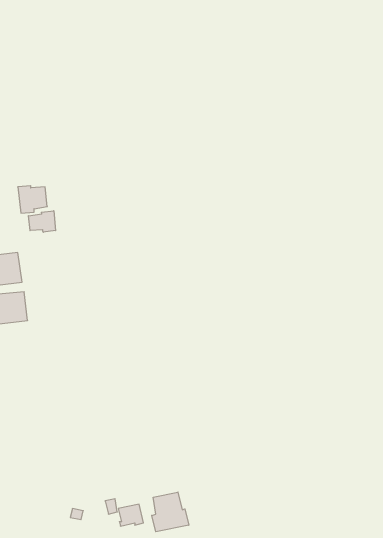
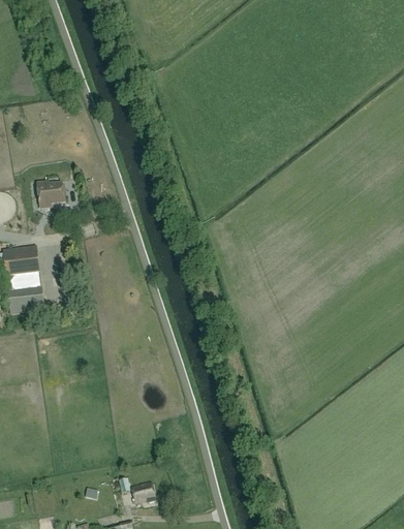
building: [28,211,56,232] -> none
building: [152,492,189,532] -> none

